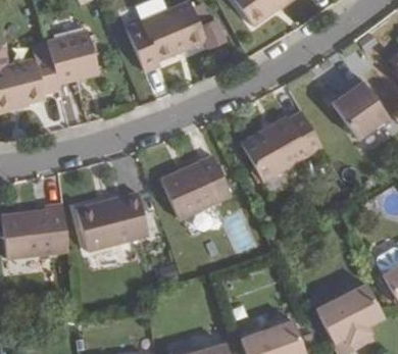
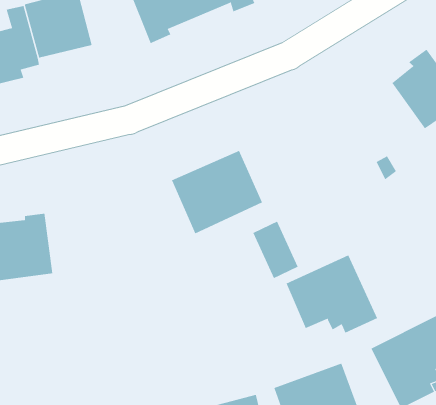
building: [241,111,321,182] -> none
building: [76,192,149,252] -> none
building: none -> [286,254,378,333]

